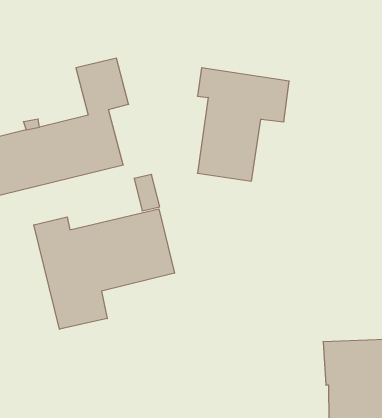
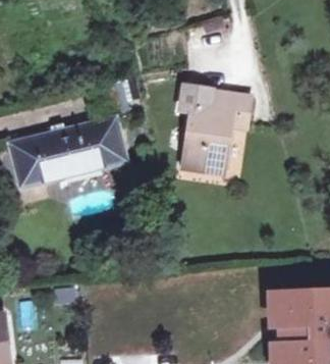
building: [34,209,174,329] -> none

